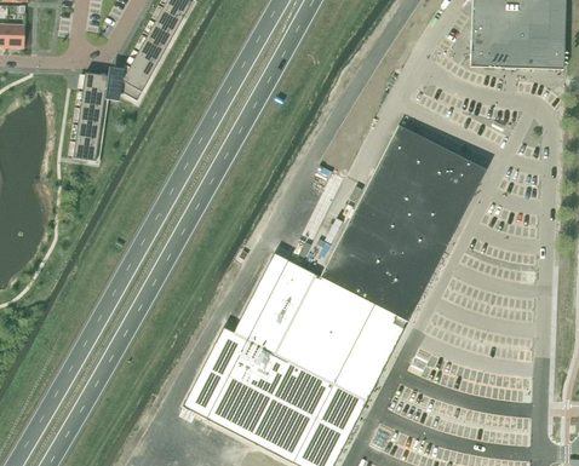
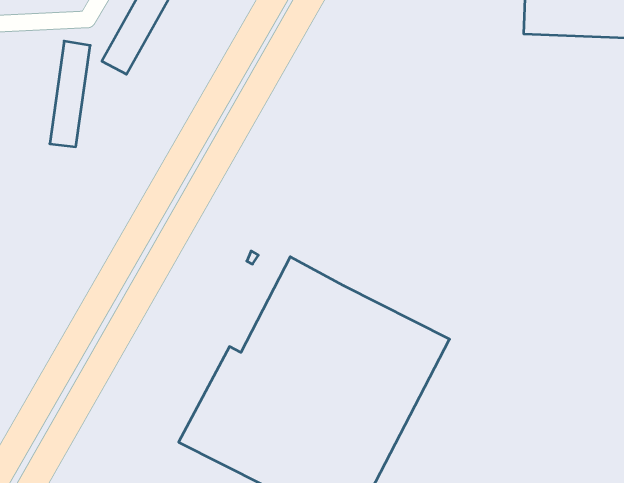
building: [320,125,486,321] -> none

